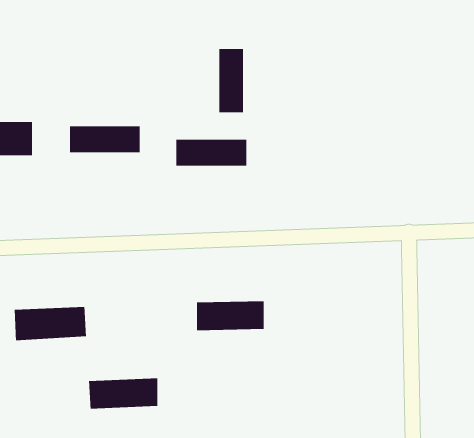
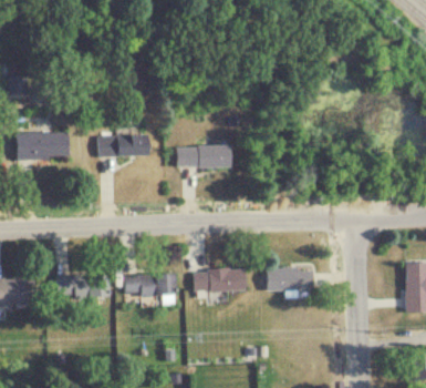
building: [219,48,244,113] -> none
building: none -> [266,266,312,290]
building: [88,377,158,410] -> [123,272,176,296]

